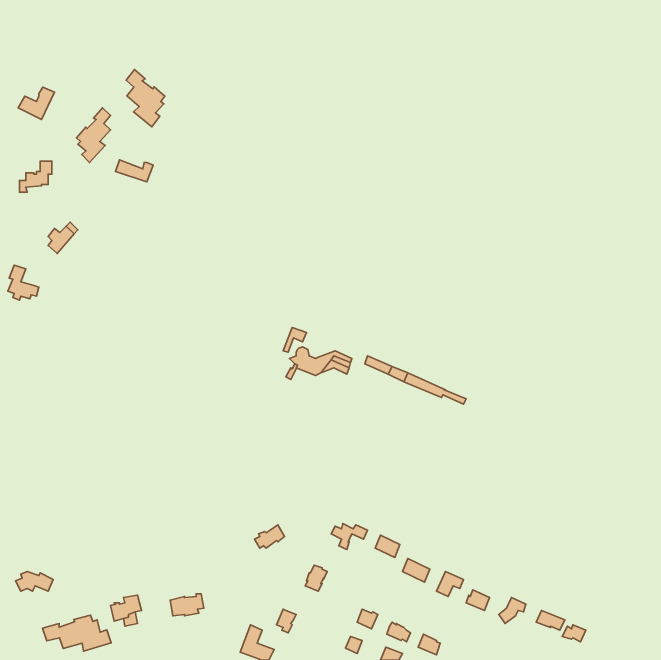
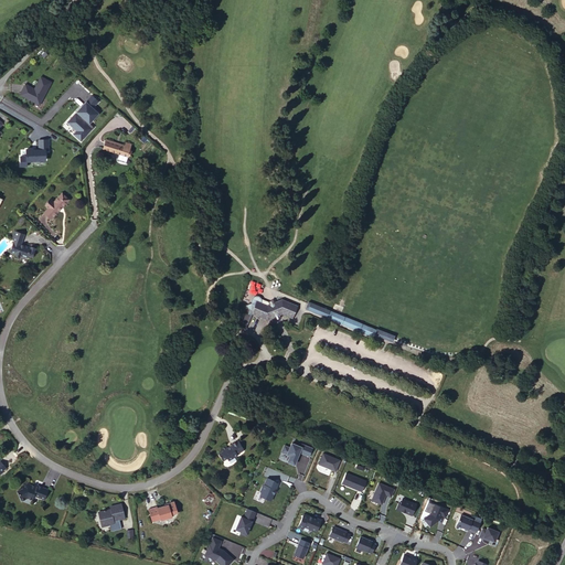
building: [126,69,165,127] -> none
building: [42,615,111,651] -> none

